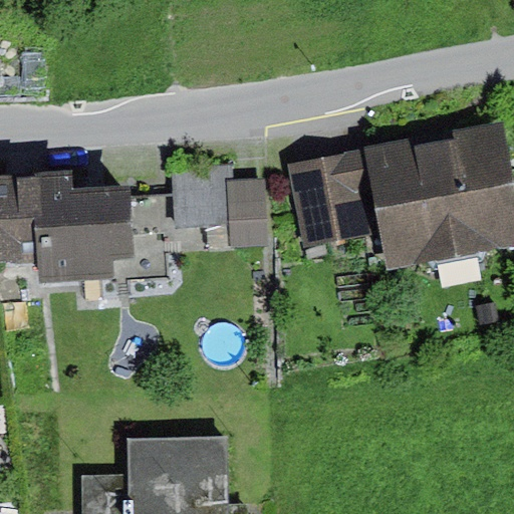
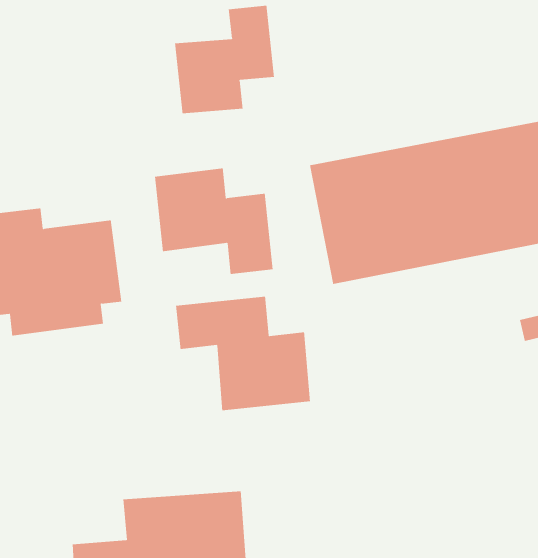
building: none -> [174,5,275,114]
building: none -> [176,296,310,411]

